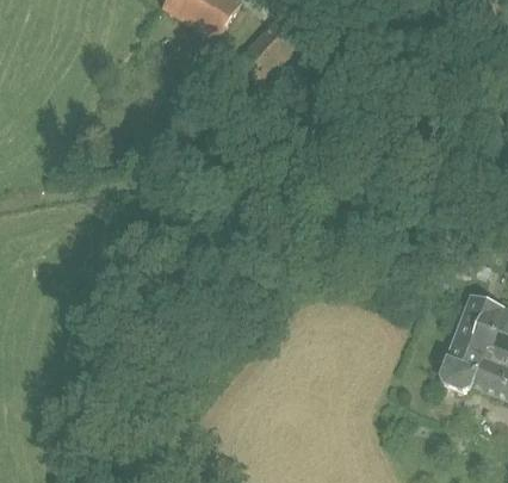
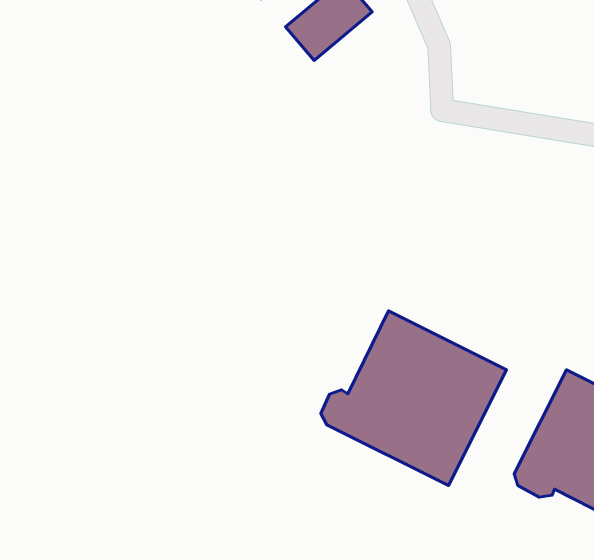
building: none -> [321,311,506,485]

